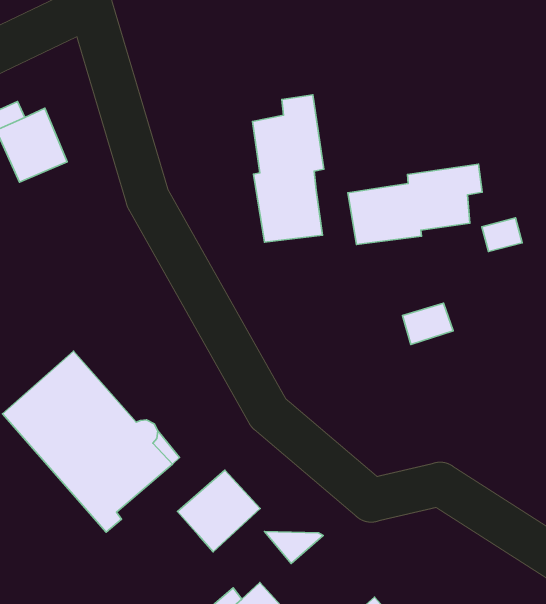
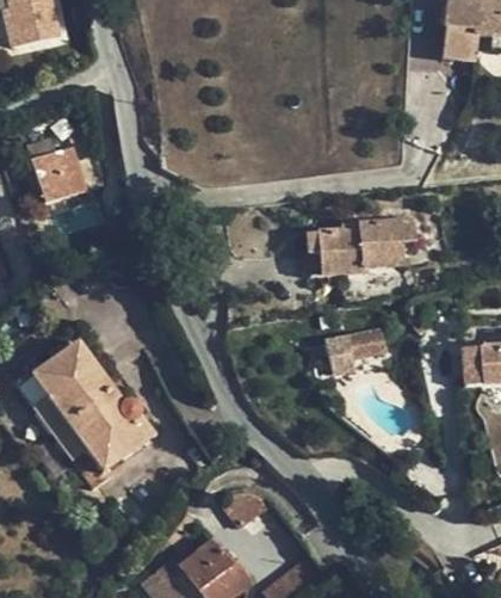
building: [252,95,324,242] -> none
building: [177,470,260,552] -> none

